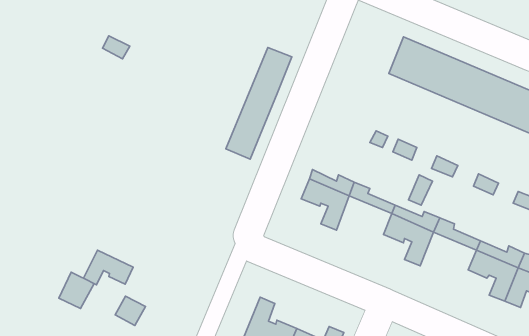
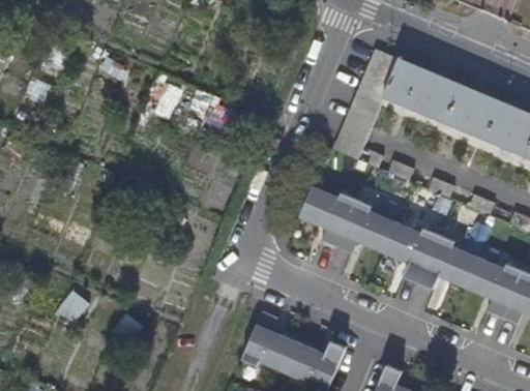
building: [226,47,292,159] -> [335,47,401,157]
building: none -> [334,213,389,253]
building: none -> [417,249,473,289]
building: [83,250,133,285] -> none

